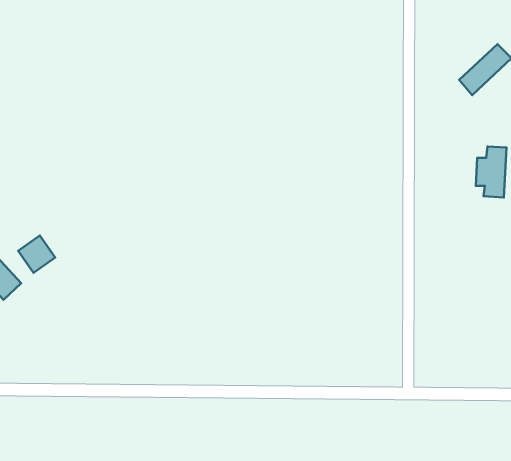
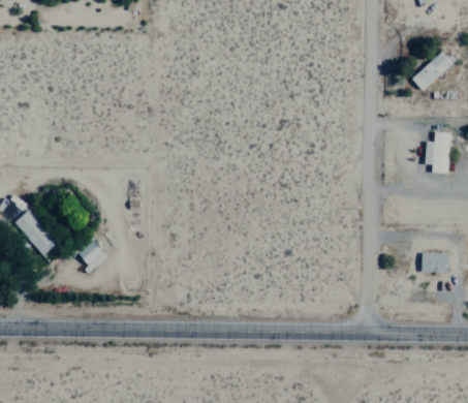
building: [18,236,55,273] -> [77,239,107,269]
building: none -> [423,252,449,271]

